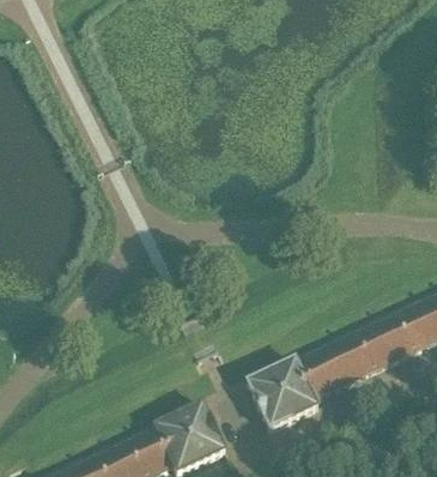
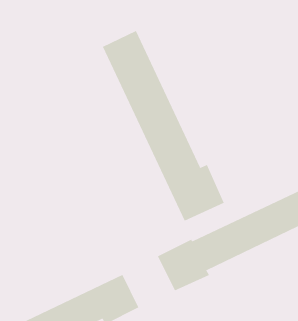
building: none -> [102,30,224,221]

